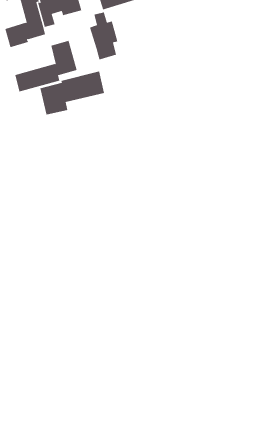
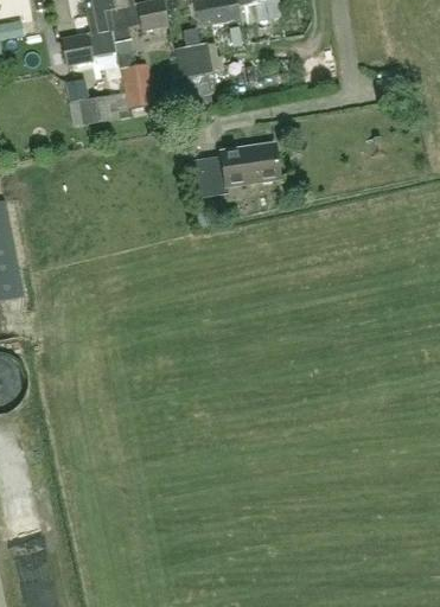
building: [40,71,105,115] -> [191,145,278,197]

